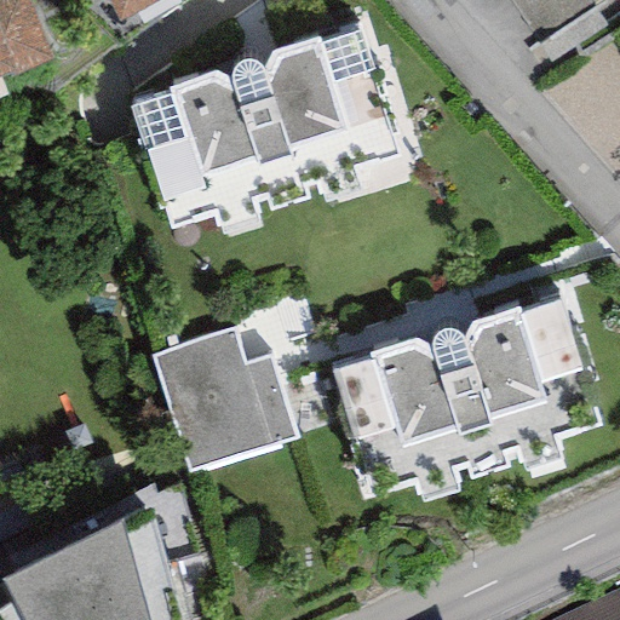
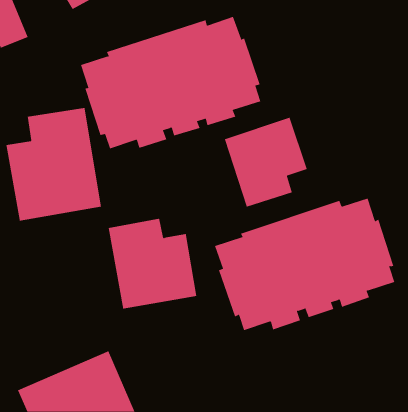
building: none -> [6,107,102,222]
building: none -> [224,117,308,207]

